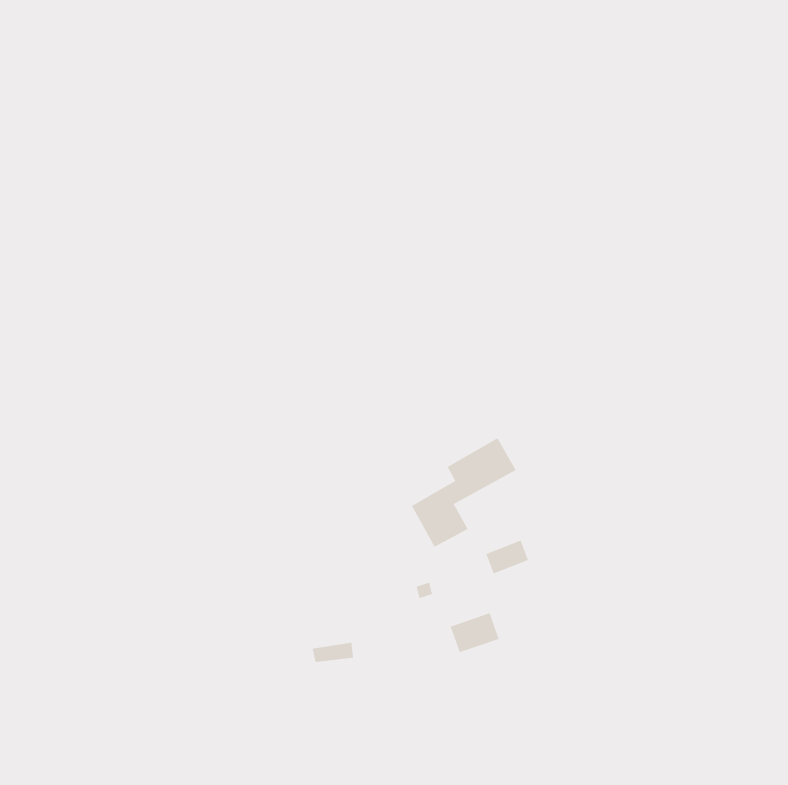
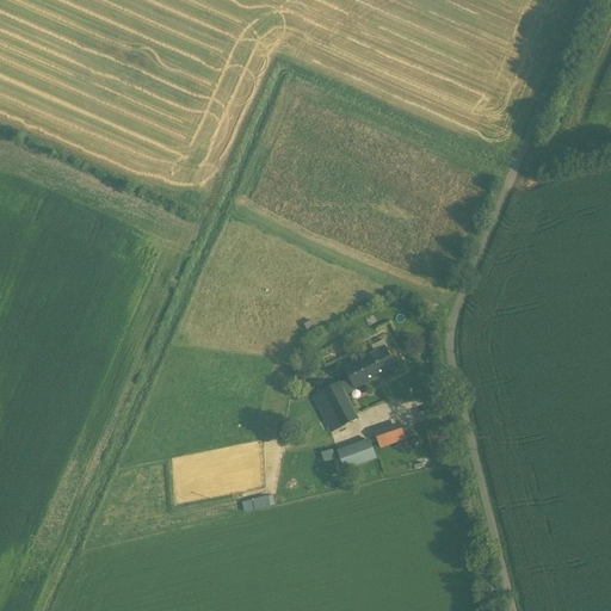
building: [450,613,500,653] -> [337,438,375,469]

